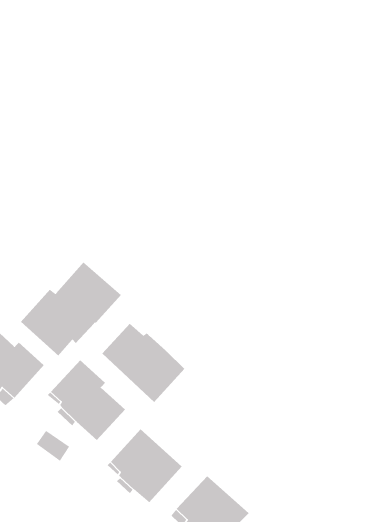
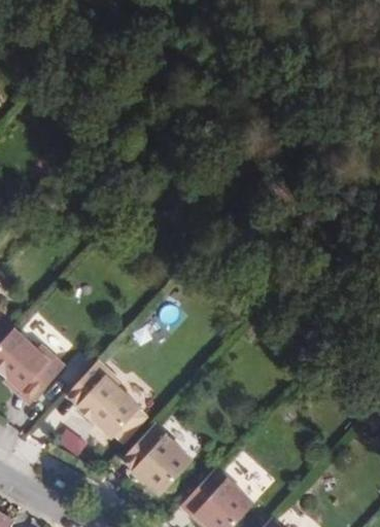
building: [20,262,122,356] -> none
building: [101,323,185,403] -> none

